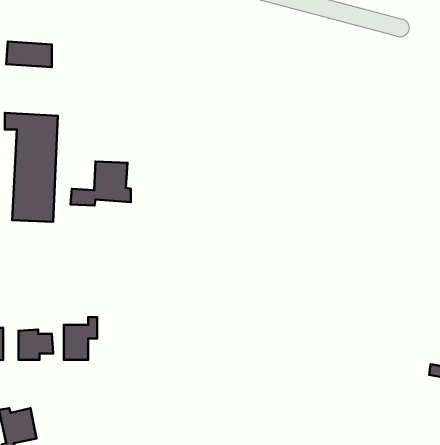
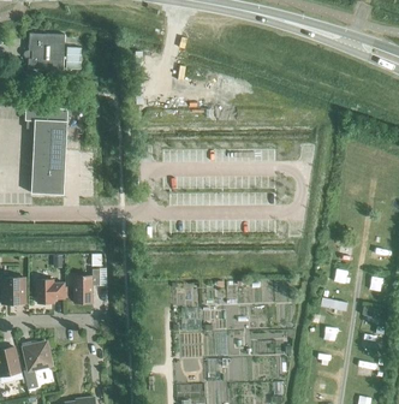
building: none -> [28,32,64,53]
building: [70,161,131,205] -> none

